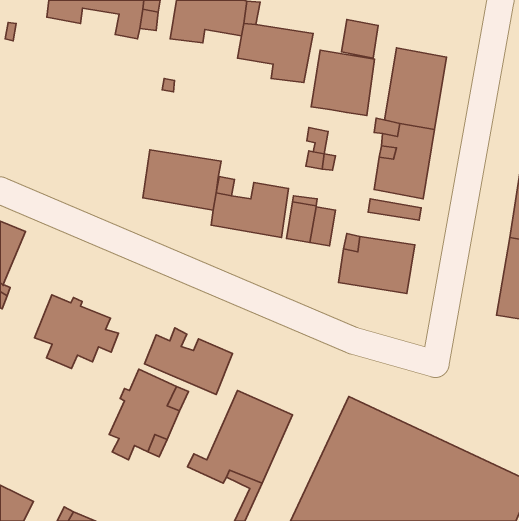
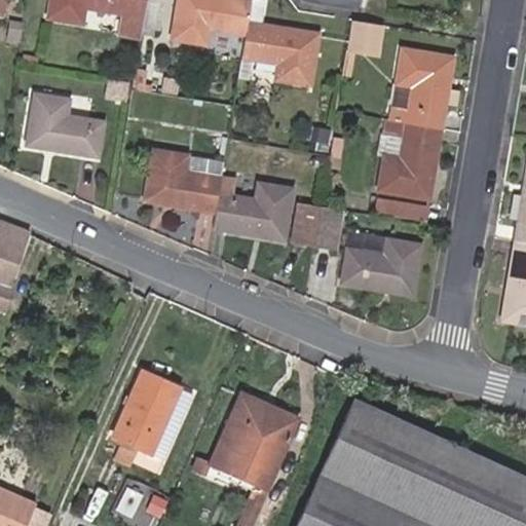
building: [311,50,374,115] -> none
building: none -> [28,96,103,156]
building: [35,295,118,369] -> none
building: [144,328,232,394] -> none

